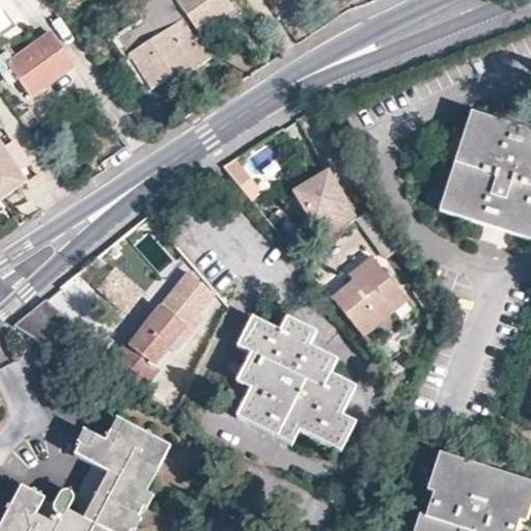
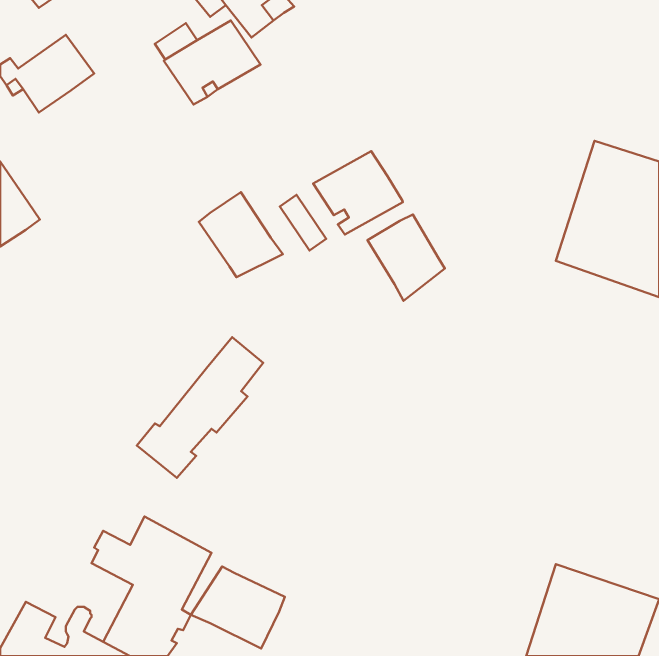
building: none -> [313,151,403,235]
building: none -> [199,192,283,277]
building: [331,254,408,335] -> none
building: [234,314,355,450] -> none
building: none -> [191,567,285,649]

